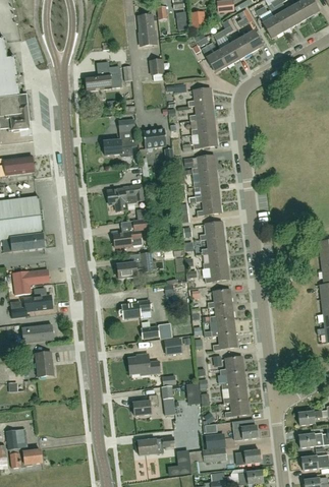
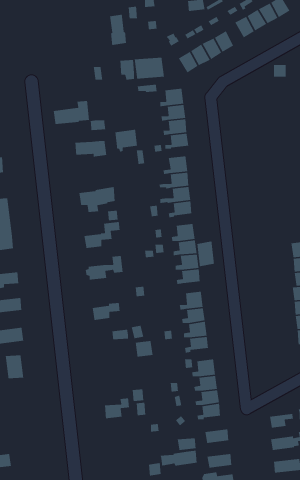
building: none -> [134,57,165,79]
building: [85,66,121,90] -> [53,100,90,125]
building: none -> [197,241,215,267]
building: [127,354,160,375] -> none
building: [134,436,174,455] -> none

